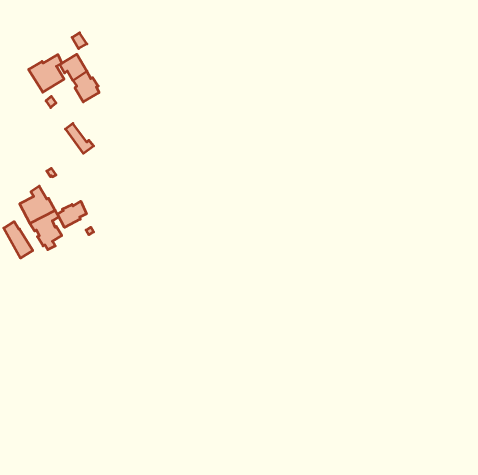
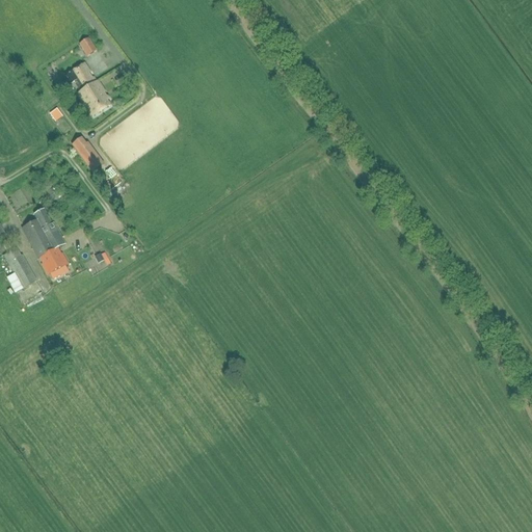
building: [29,55,64,92] -> none
building: [57,201,86,227] -> none

